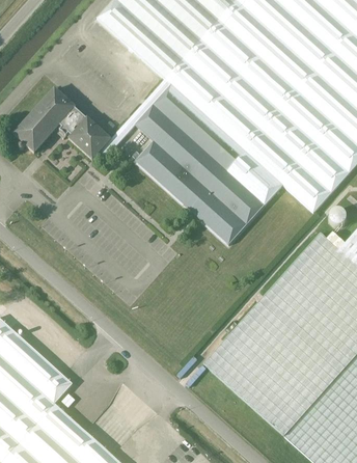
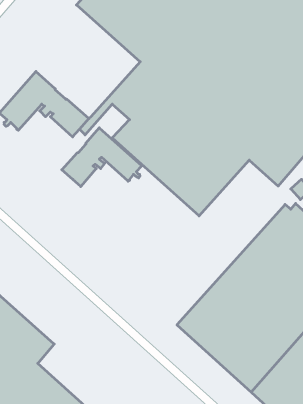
building: none -> [62,128,142,187]

